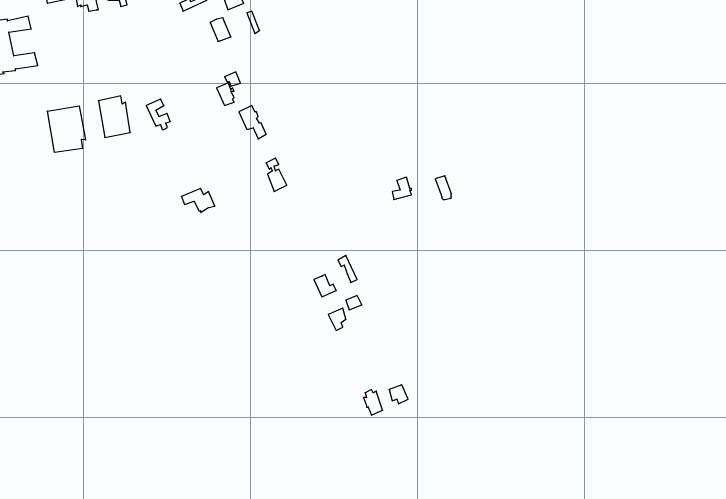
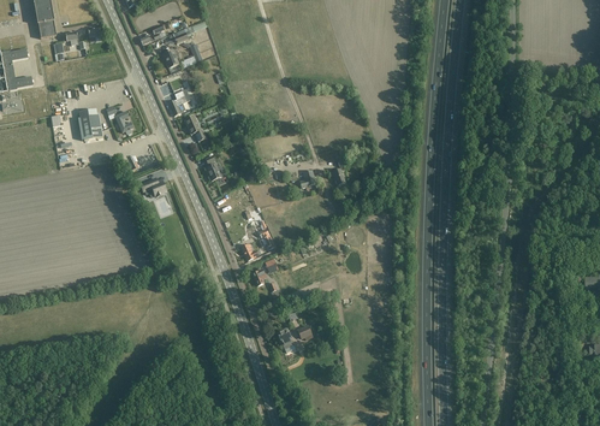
building: [47,106,86,152] -> none

